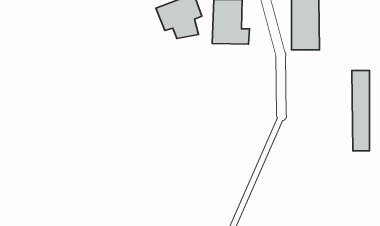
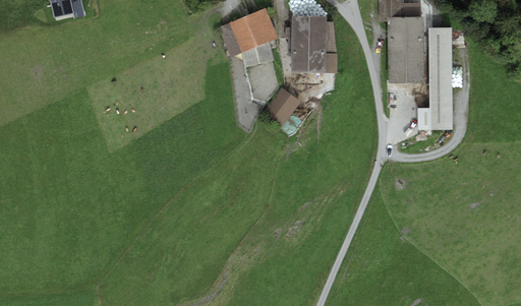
building: none -> [260,88,298,127]
building: [352,70,370,151] -> [429,26,452,128]

